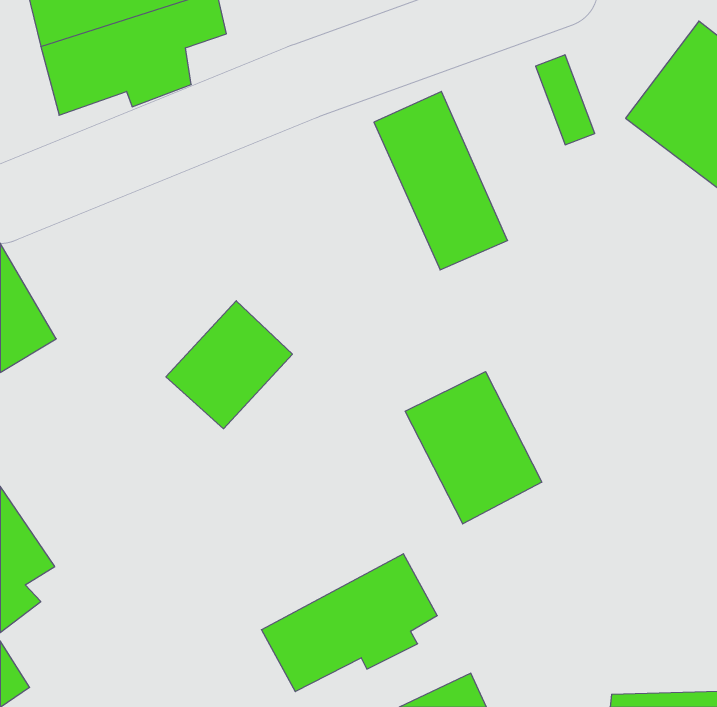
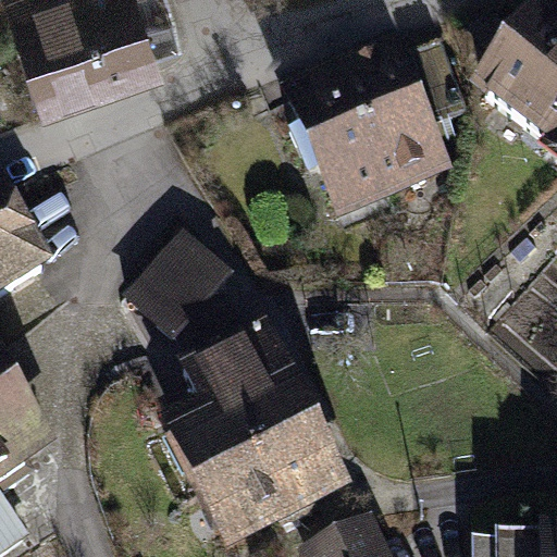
building: none -> [343,49,443,186]
building: [405,372,542,524] -> none
building: none -> [178,329,313,487]

